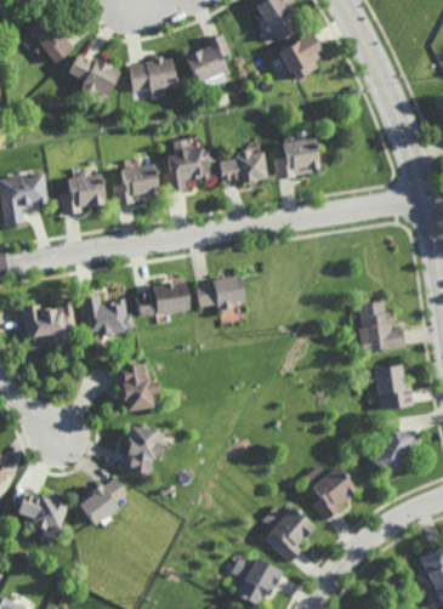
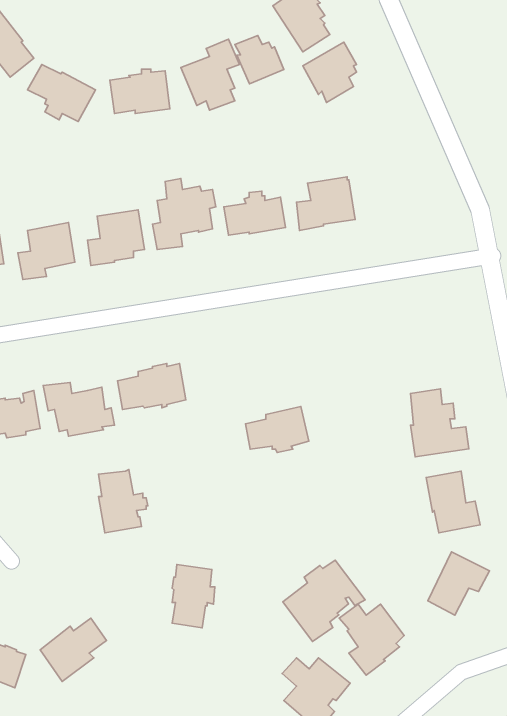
building: none -> [235,35,284,84]
building: [197,274,245,309] -> [245,407,309,452]
building: [127,426,160,474] -> [172,565,215,628]
building: none -> [283,560,365,641]

